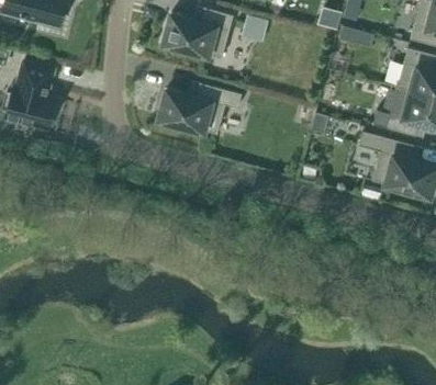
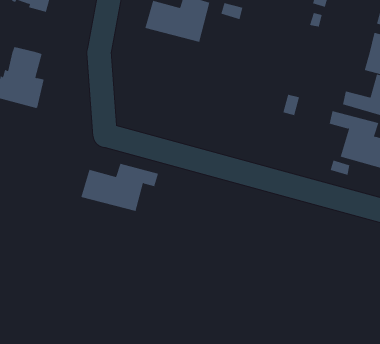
building: [158,84,242,136] -> [81,163,159,212]

